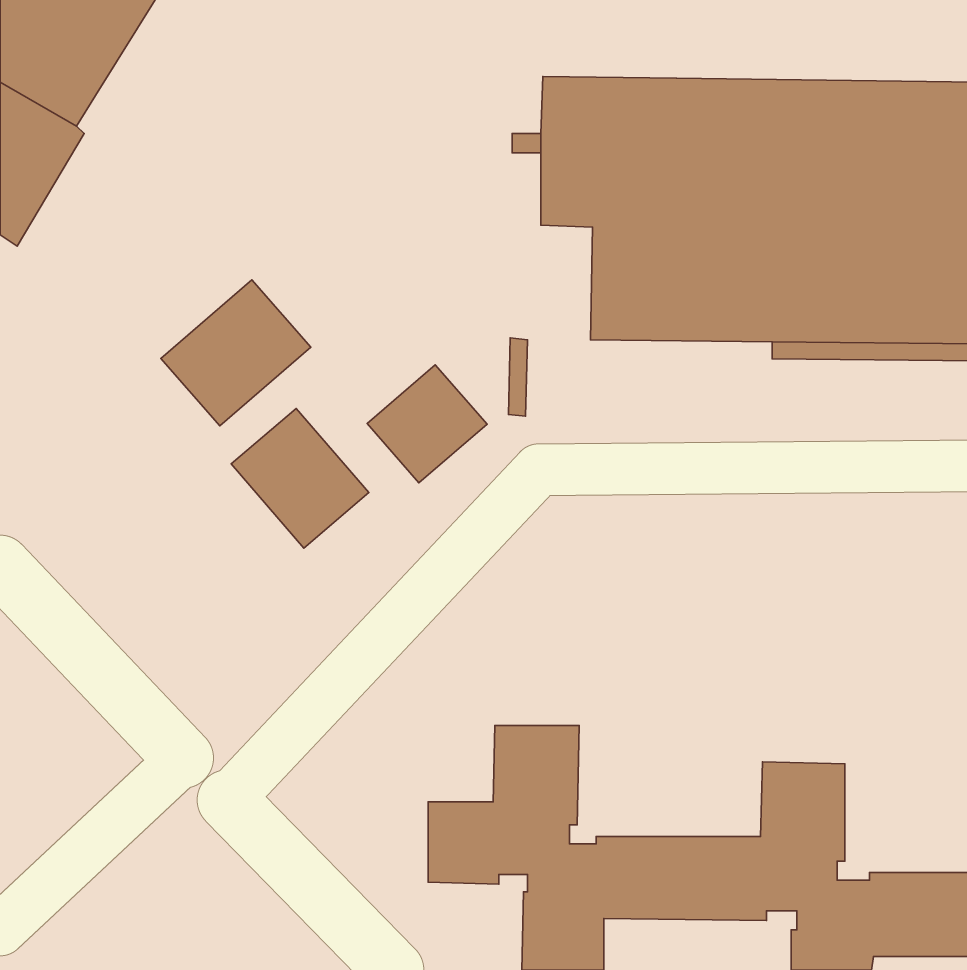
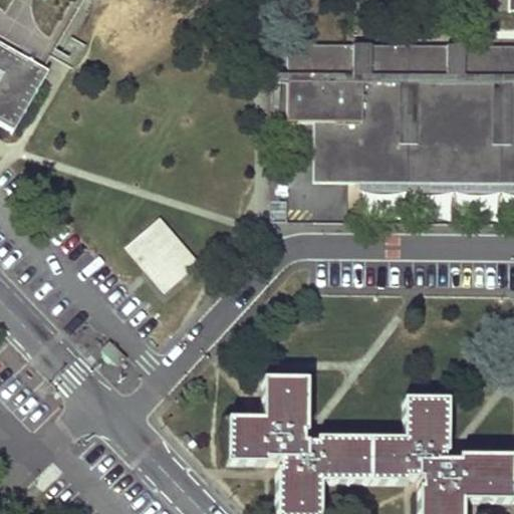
building: [161,280,311,426] -> none
building: [367,365,487,483] -> none

